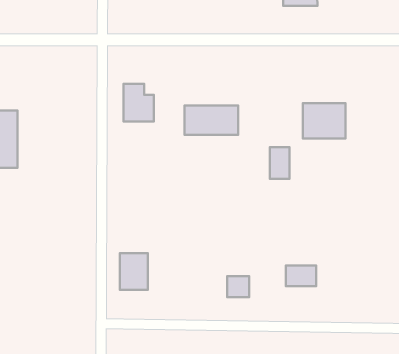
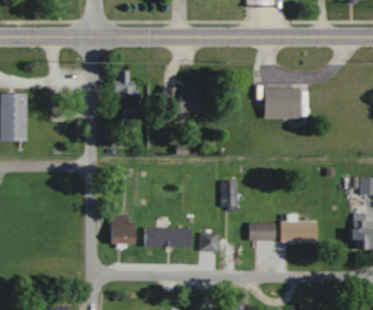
building: [270,147,289,179] -> [221,180,237,207]
building: none -> [280,221,317,242]
building: none -> [145,226,192,246]

